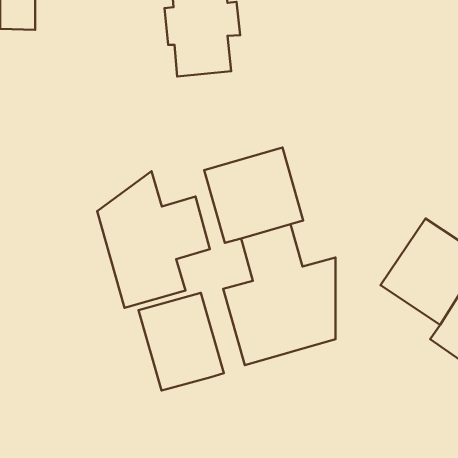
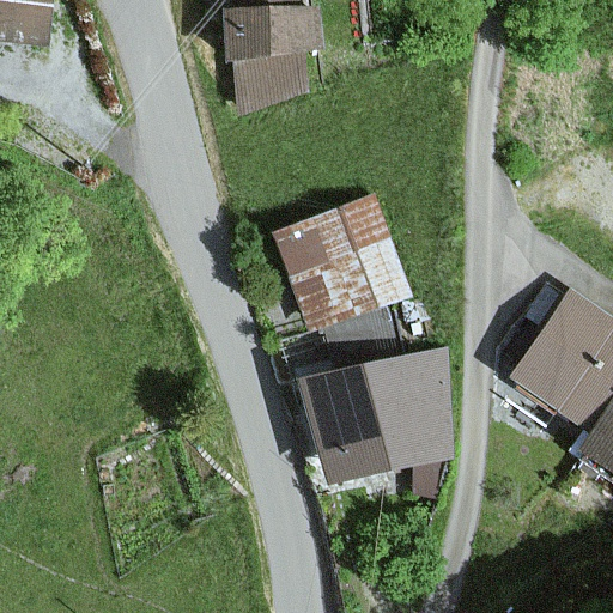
building: [97,171,210,308] -> none
building: [139,293,224,391] -> none

